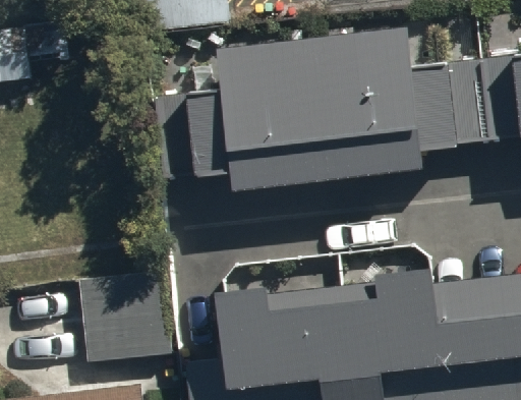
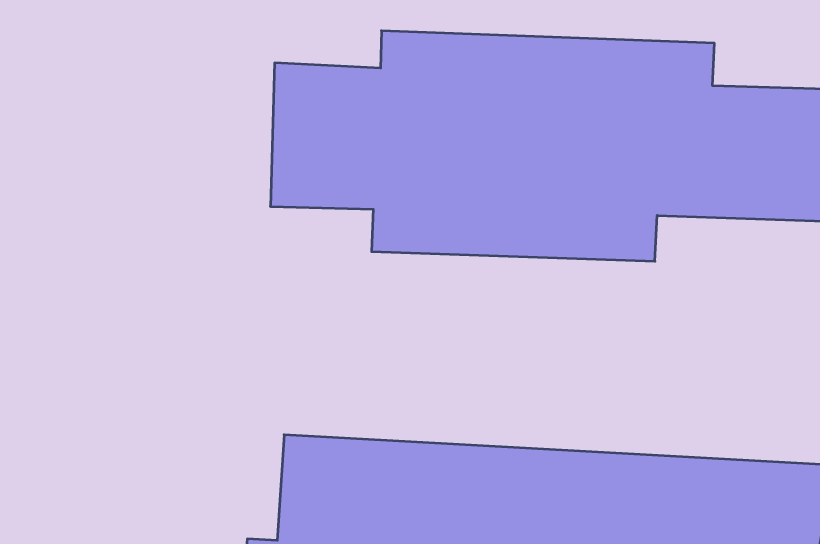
building: [81,268,172,359] -> none

